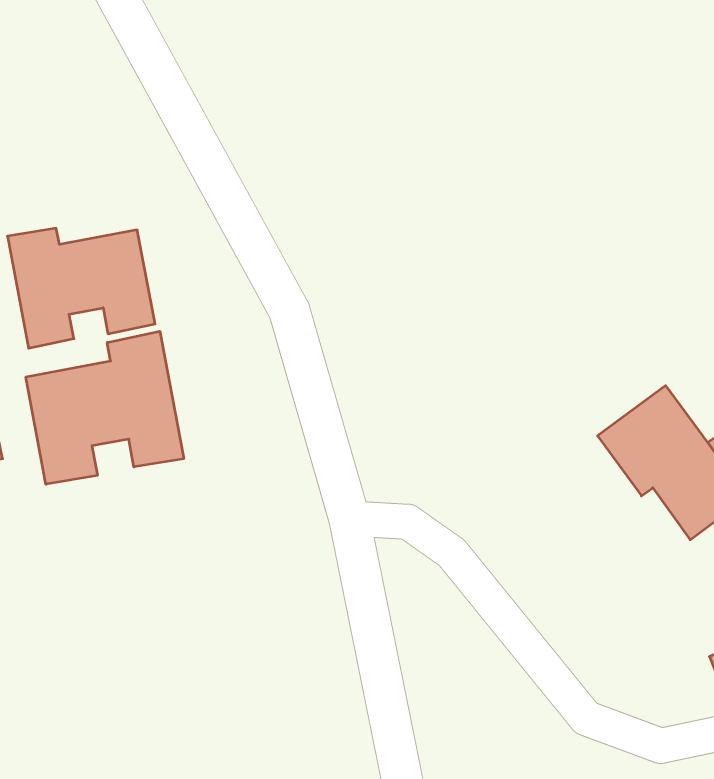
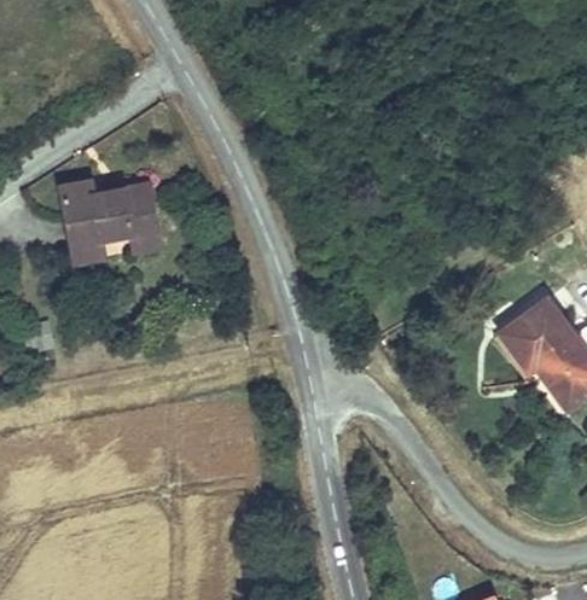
building: [26,331,184,484] -> none

